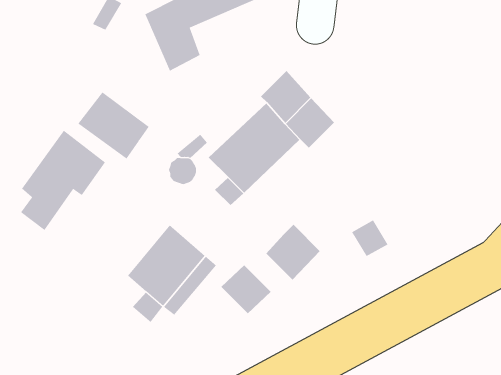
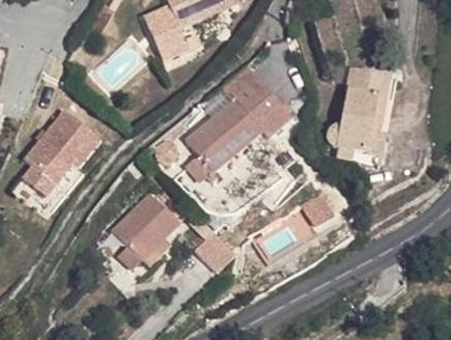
building: none -> [326,68,388,153]
building: [77,91,150,159] -> none
building: [265,224,321,281] -> none

